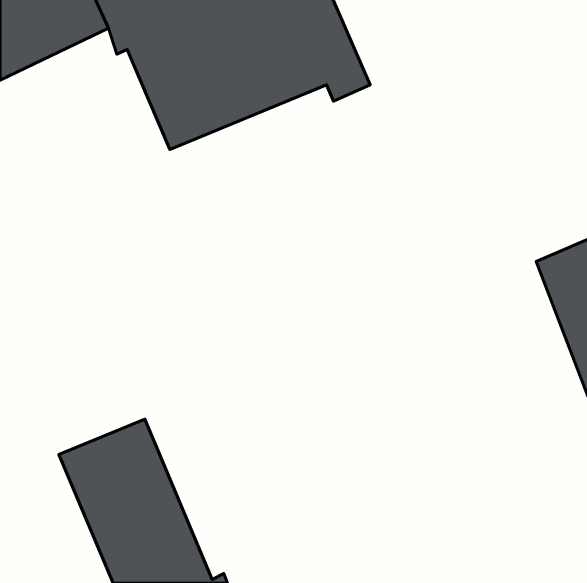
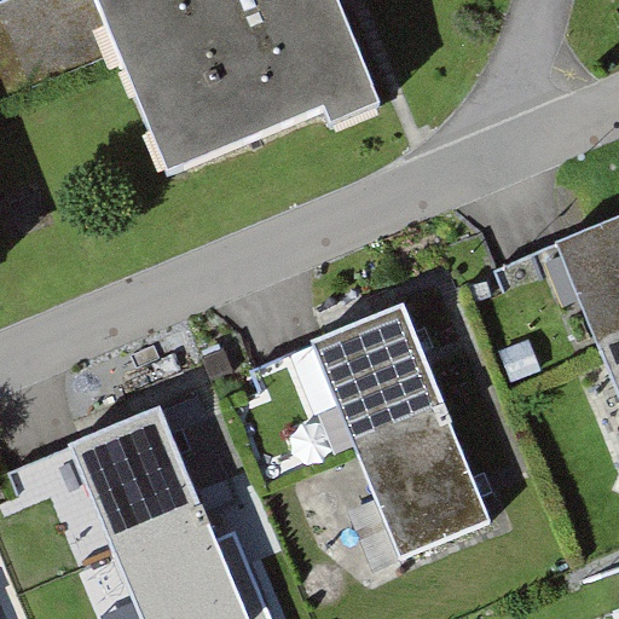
building: none -> [319,331,502,592]

